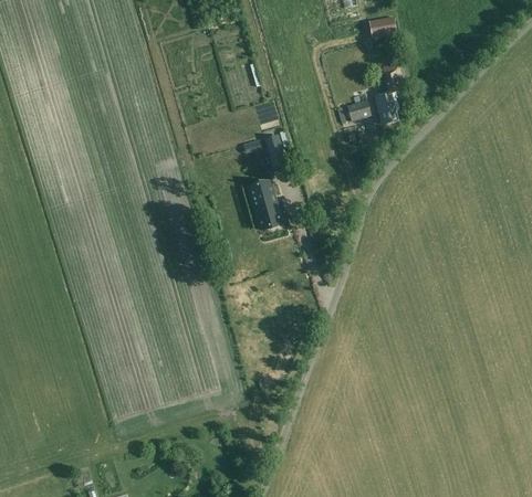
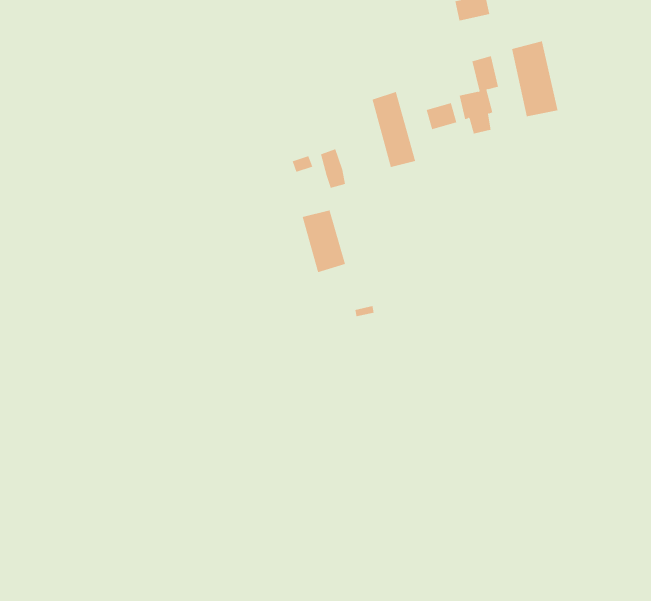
building: none -> [511,41,558,117]
building: none -> [372,91,416,168]

